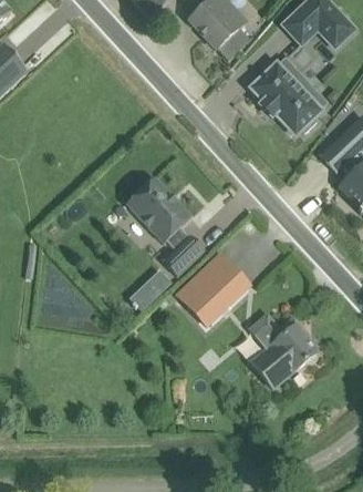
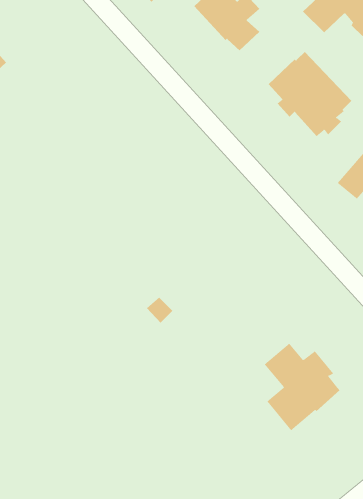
building: [127,176,204,275] -> none
building: [186,254,248,324] -> none

